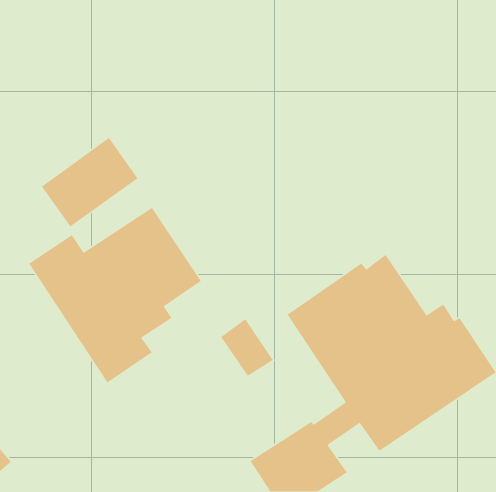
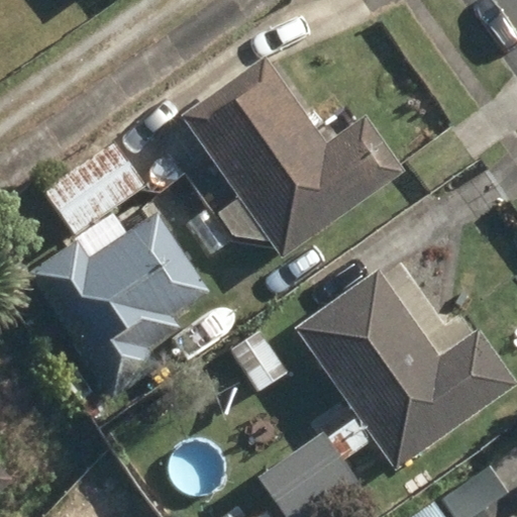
building: none -> [182,58,403,257]

